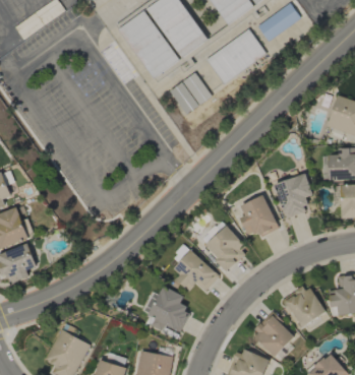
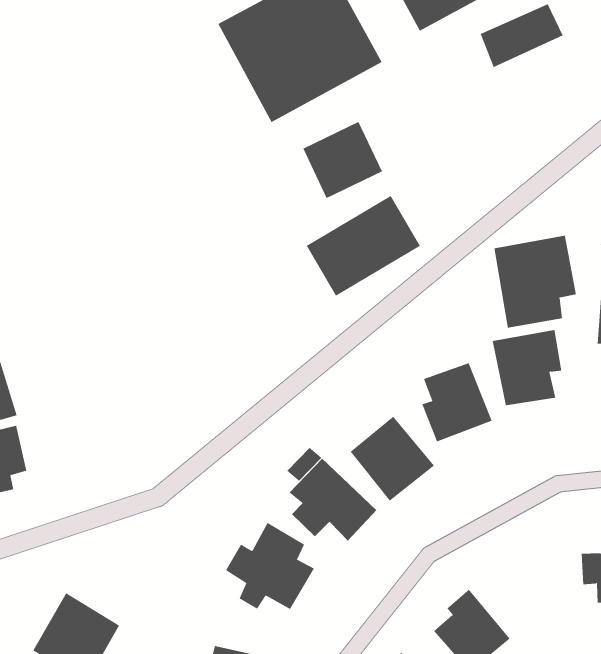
building: [205,29,265,84] -> [306,195,421,297]
building: none -> [494,235,577,329]
building: [283,285,324,327] -> none

